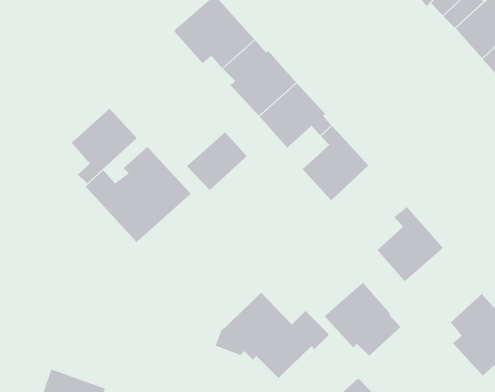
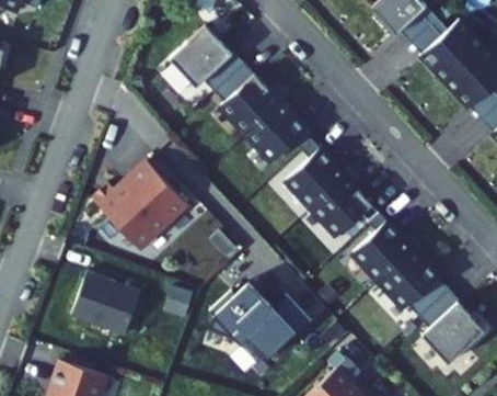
building: [71,108,138,184] -> none
building: [186,132,248,191] -> none
building: none -> [311,176,379,236]
building: none -> [70,279,140,343]
building: [324,282,401,357] -> [377,249,446,316]

